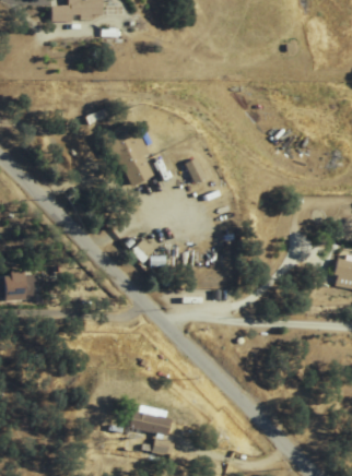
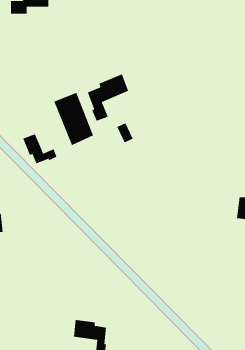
building: none -> [87,74,129,121]
building: none -> [23,134,57,164]

